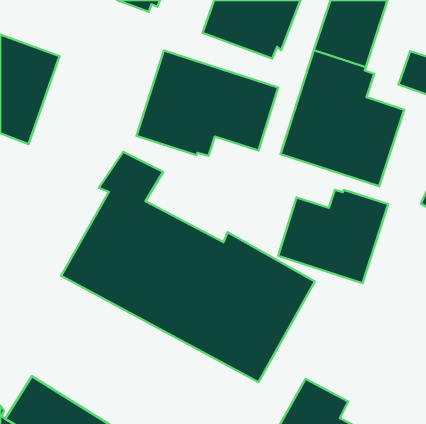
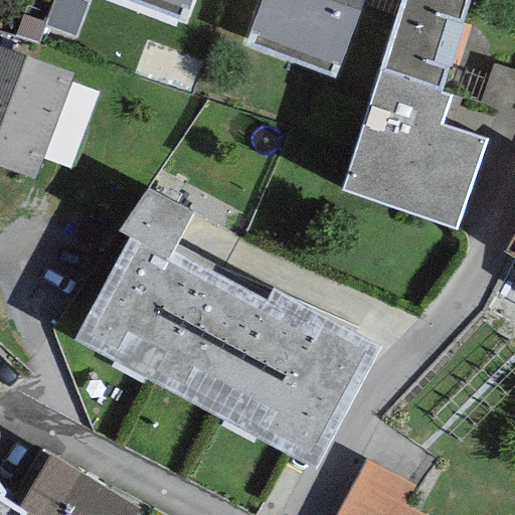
building: [136,50,278,156] -> none
building: [278,190,388,283] -> none

